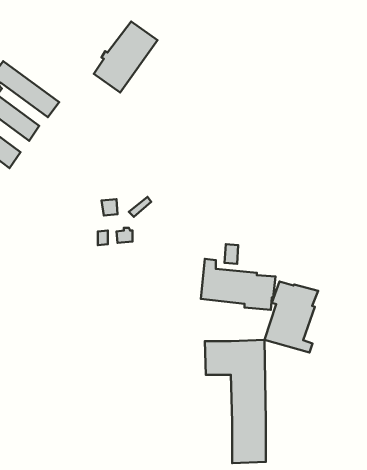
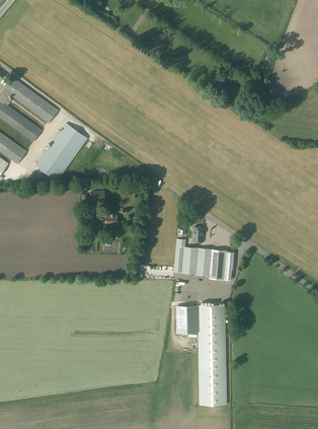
building: [94,21,157,92] -> [36,123,88,181]
building: [265,282,318,353] -> none

